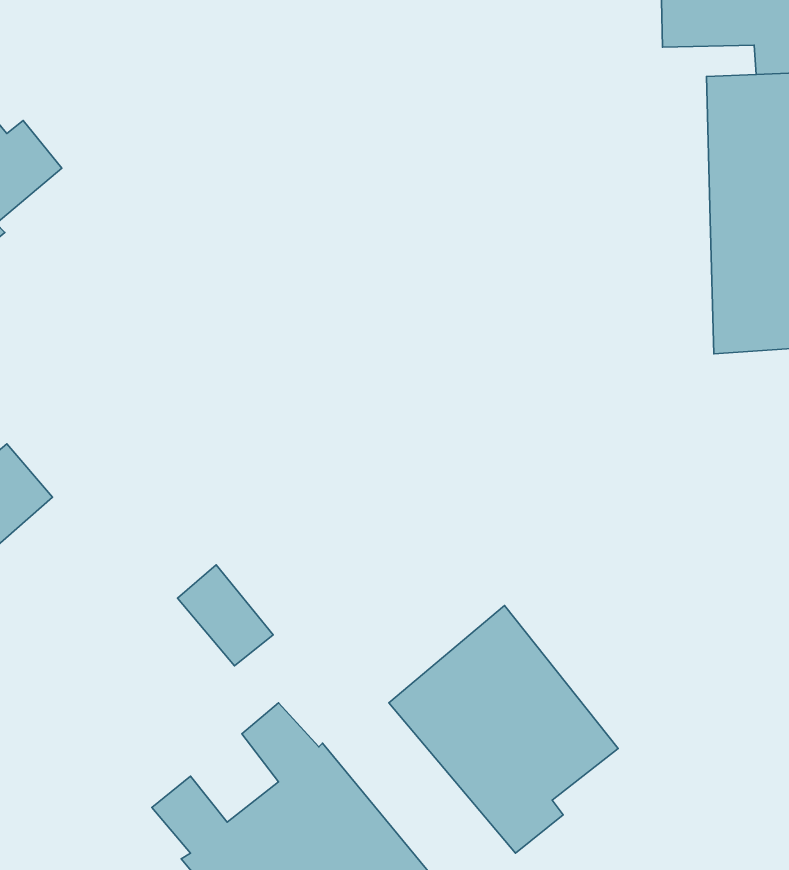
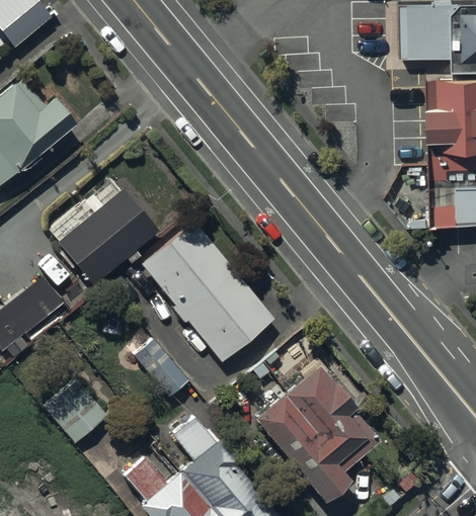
building: none -> [57,188,158,284]
building: none -> [142,223,274,363]
building: none -> [49,383,108,444]

